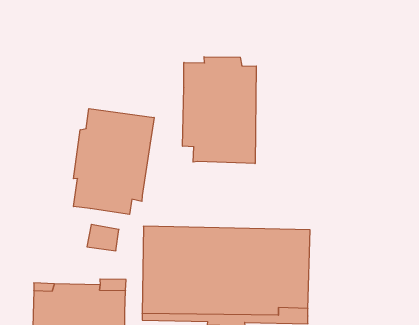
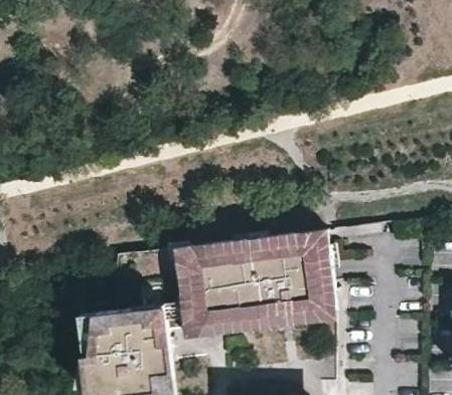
building: [183,57,256,164] -> none
building: [73,109,154,214] -> none

